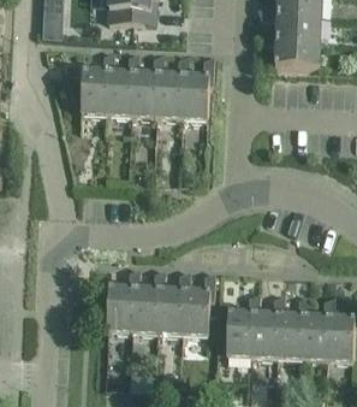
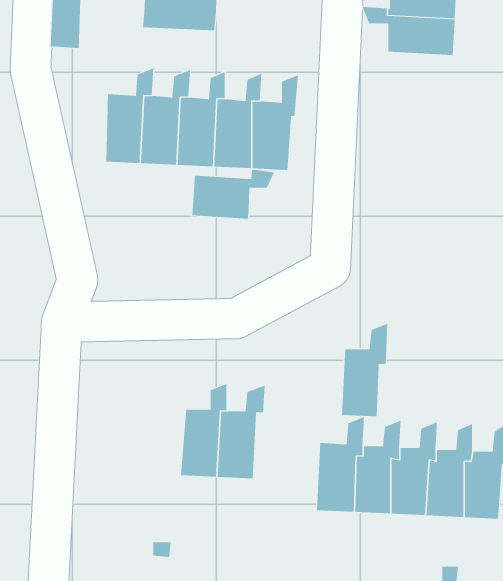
building: [256,34,321,67] -> none
building: none -> [192,169,275,219]
building: [106,267,139,332] -> none
building: [183,271,215,336] -> [341,323,388,417]

